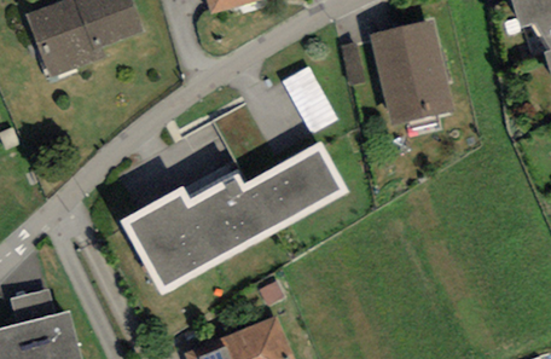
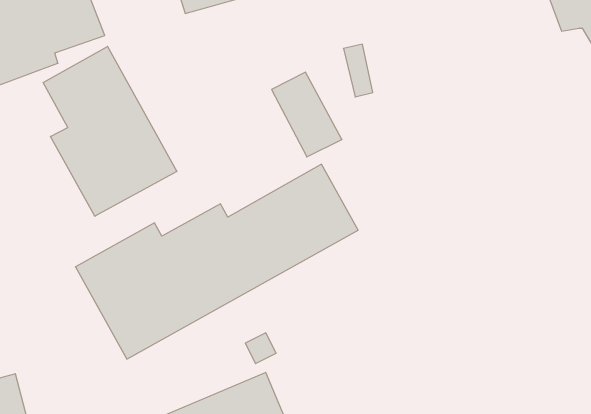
building: [371,19,456,126] -> none
building: none -> [43,46,177,216]

